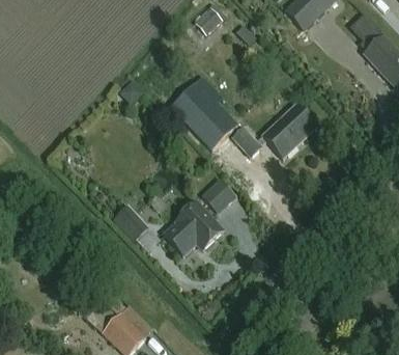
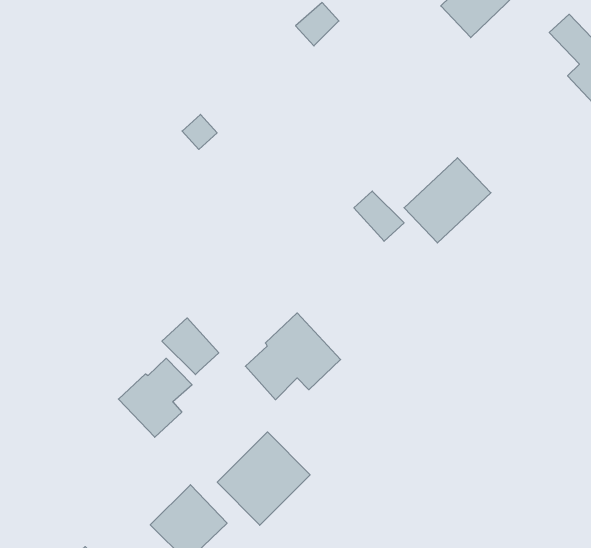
building: [171,81,236,145] -> none
building: [200,178,235,213] -> none
building: none -> [118,358,192,437]
building: none -> [217,432,310,525]

